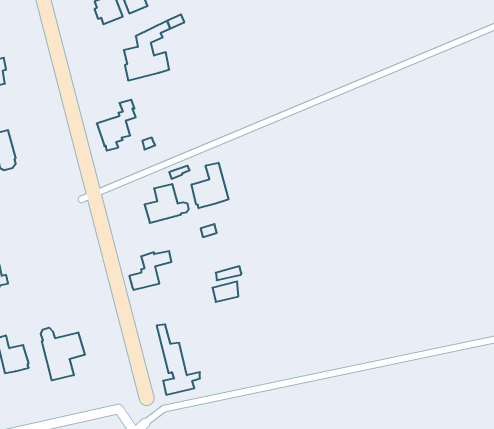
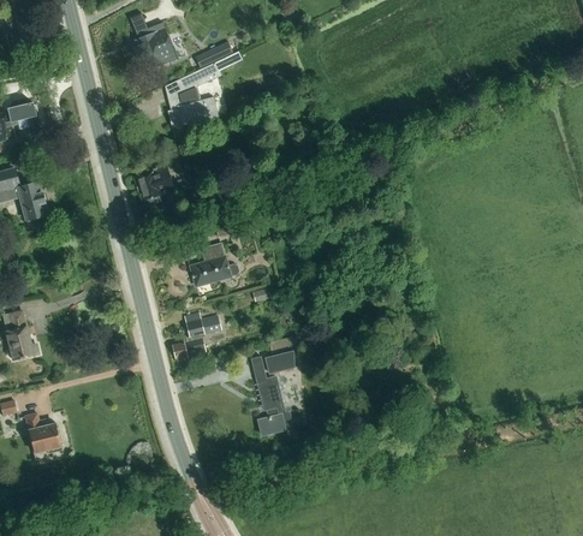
building: [192,163,229,208] -> none
building: [157,324,200,395] -> [251,356,299,434]
building: [41,328,85,380] -> none

